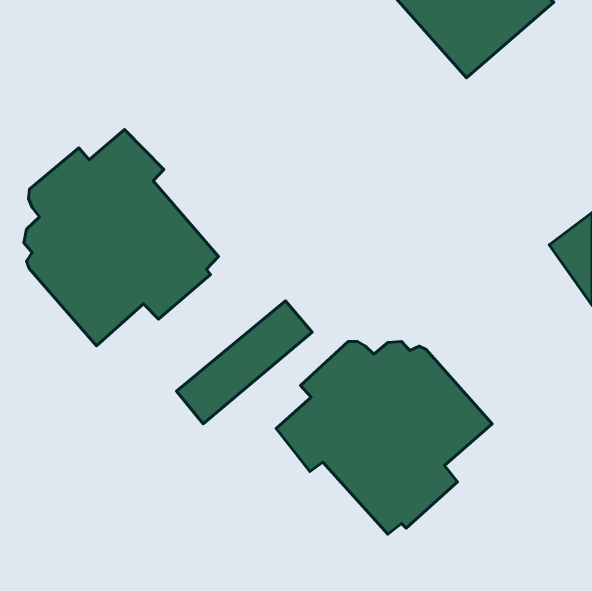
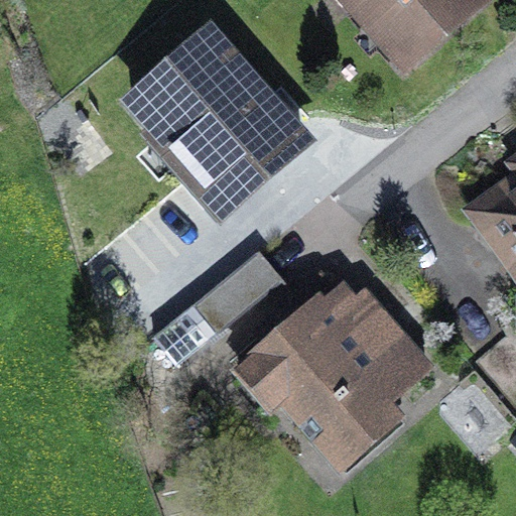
building: none -> [133,36,303,199]
building: [24,129,218,346] -> none

